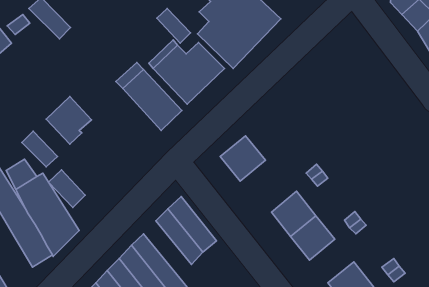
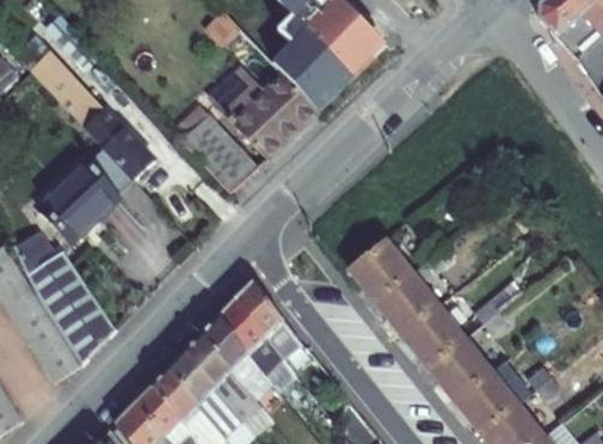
building: none -> [26,49,150,178]
building: [220,136,265,181] -> [350,242,412,304]
building: [49,170,85,207] -> [50,177,100,228]
building: none -> [202,316,273,400]
building: none -> [430,341,491,401]

